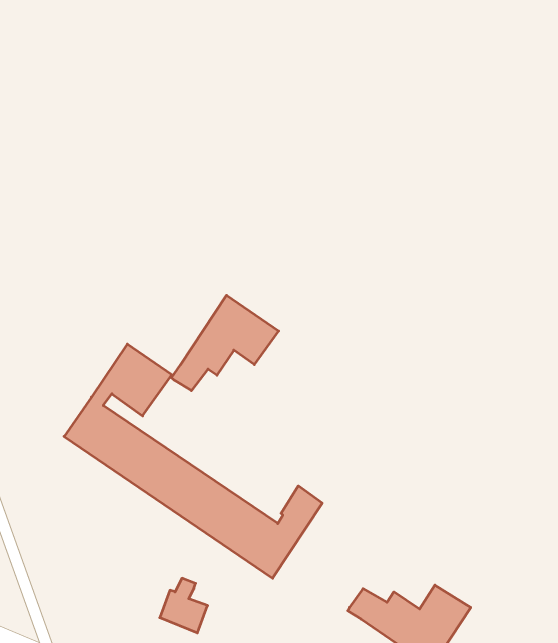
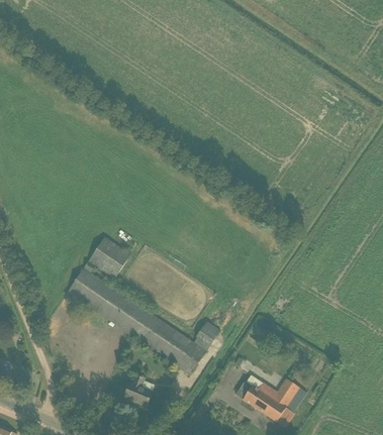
building: [171,295,279,391] -> none

